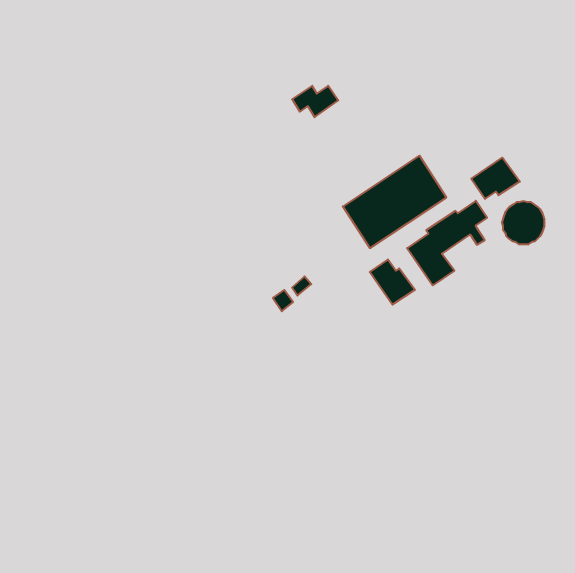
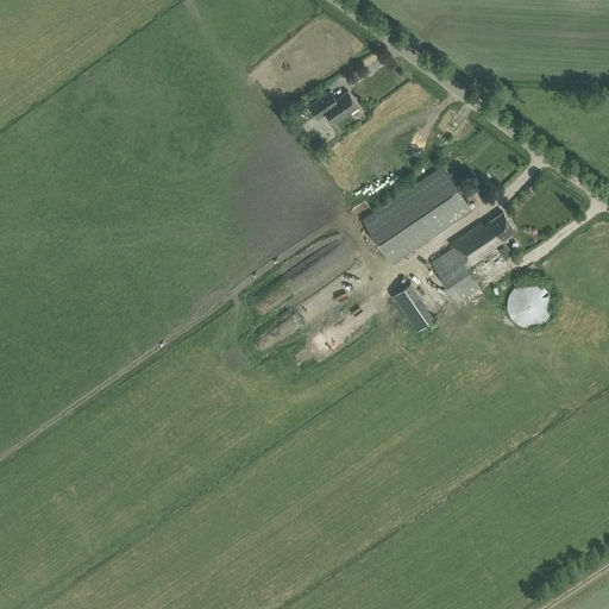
building: [471,158,520,199] -> none
building: [502,201,545,244] -> [506,284,551,329]

